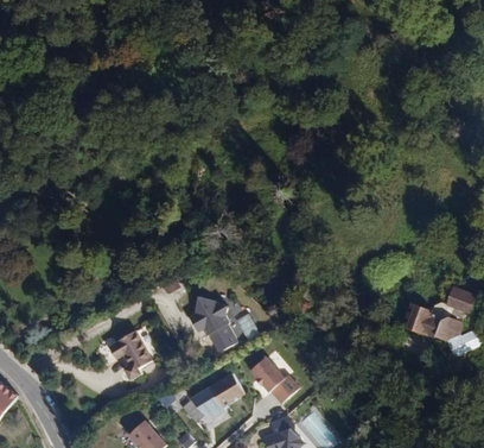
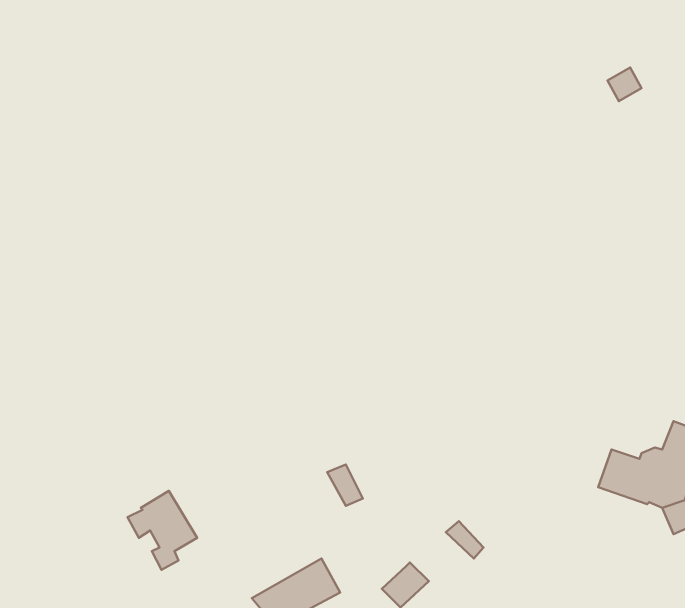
building: [186,290,240,354] -> none
building: [250,355,286,391] -> none

